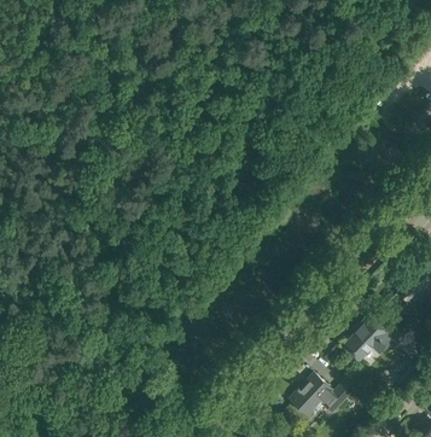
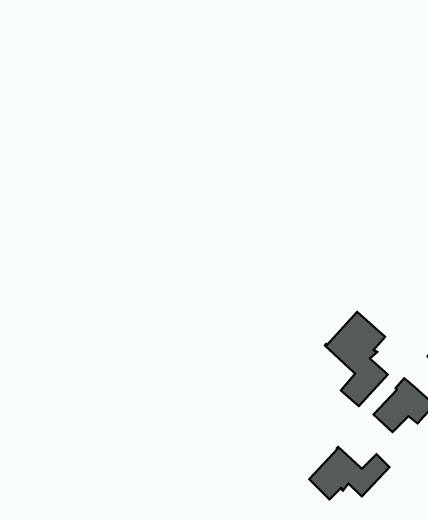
building: none -> [325,312,388,406]

